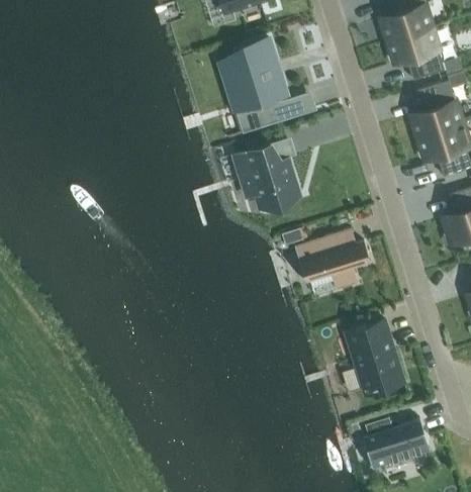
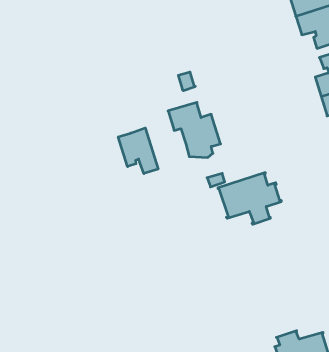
building: [220,39,287,109] -> none
building: none -> [118,128,158,174]
building: [346,320,400,390] -> none

